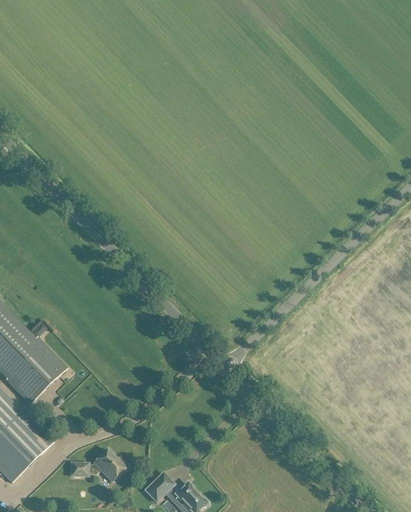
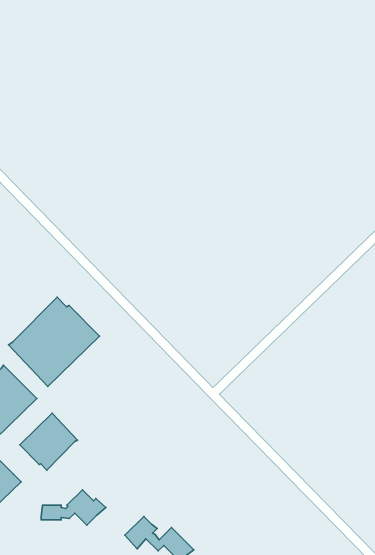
building: none -> [8,297,99,386]
building: none -> [20,413,78,470]

